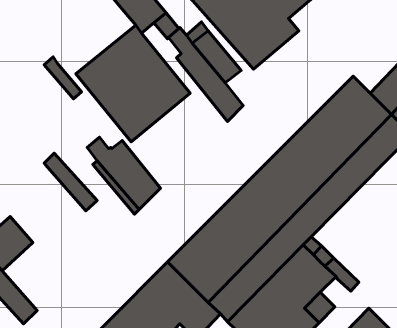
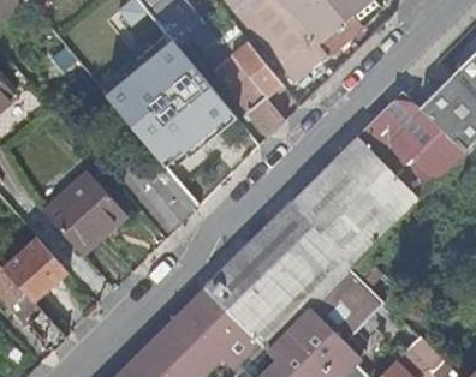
building: none -> [42,182,119,255]

